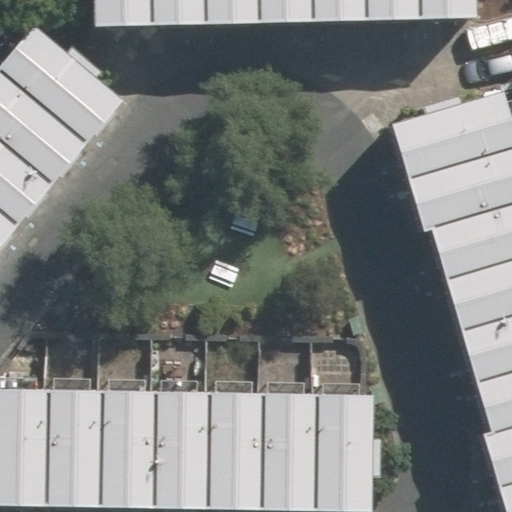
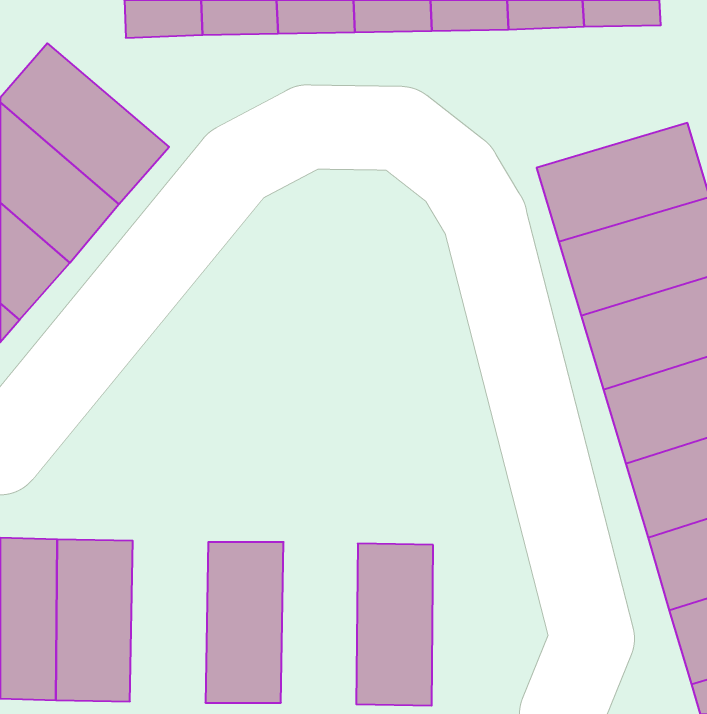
building: [98,387,154,503] -> none
building: [206,388,261,504] -> none
building: [314,390,369,506] -> none

